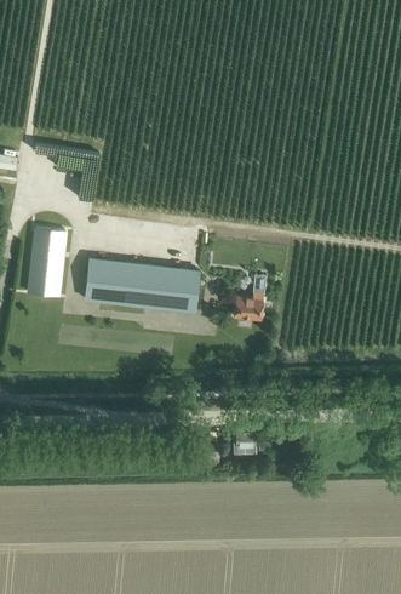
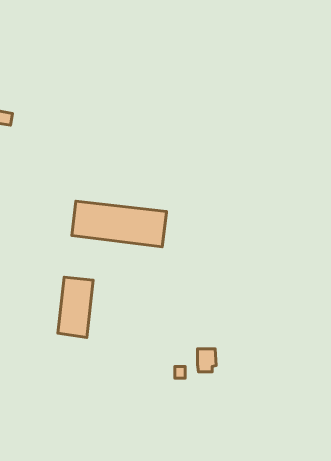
building: [25,227,67,297] -> [58,277,93,337]
building: [233,291,263,320] -> none

